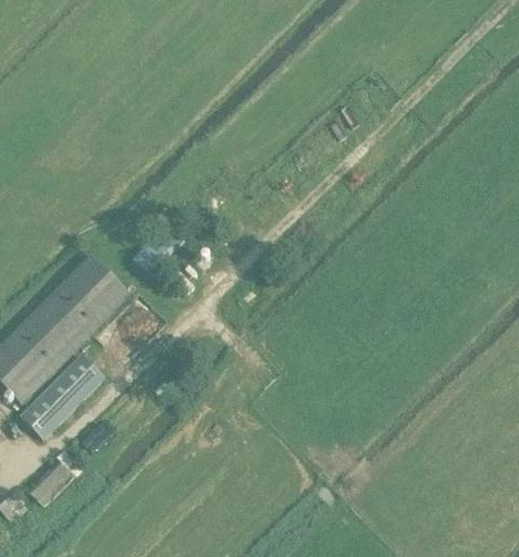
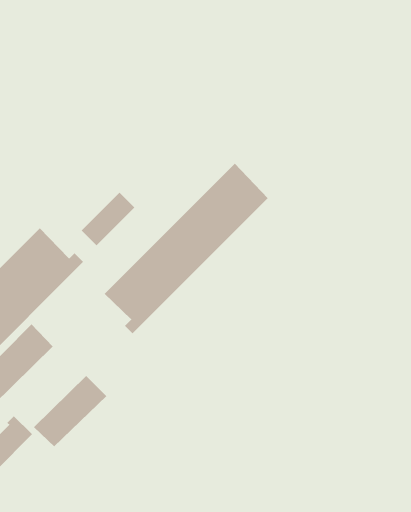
building: none -> [104,163,269,334]
building: none -> [33,375,107,447]

